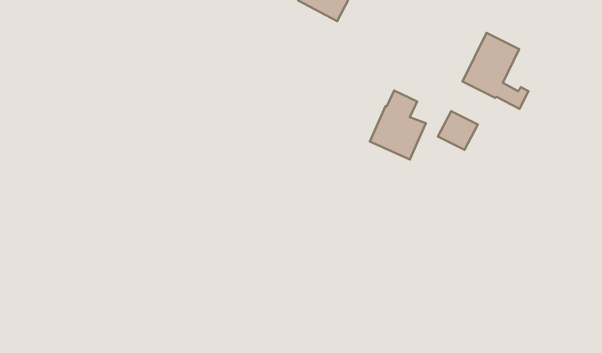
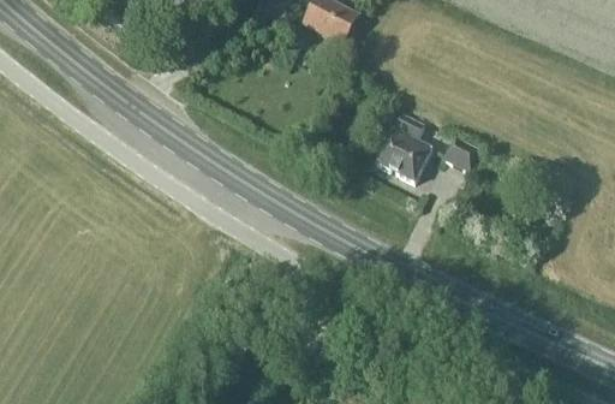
building: [463,33,529,109] -> none

